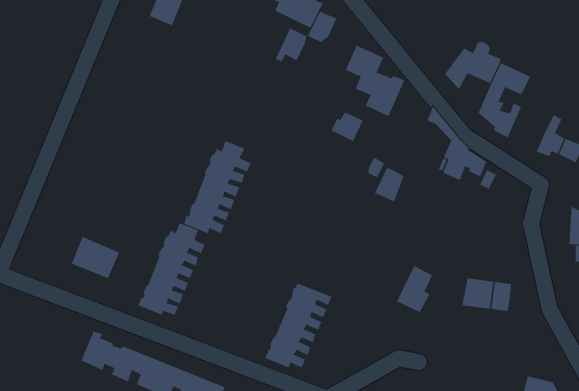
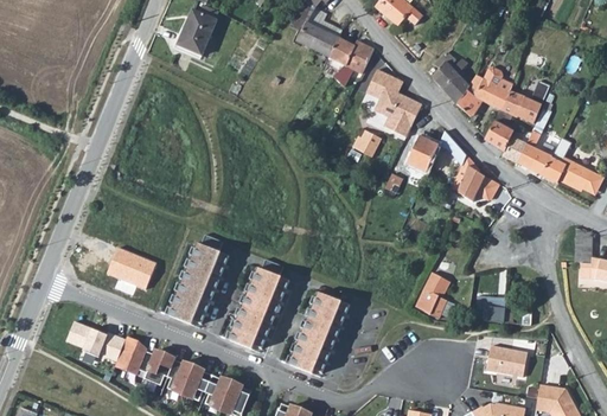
building: none -> [433,49,471,97]
building: [274,27,307,63] -> [344,39,375,72]
building: none -> [517,127,551,171]
building: [183,141,251,234] -> [228,262,292,350]
building: [374,167,404,202] -> [405,140,434,173]
building: none -> [63,322,124,364]
building: none -> [486,345,525,376]

